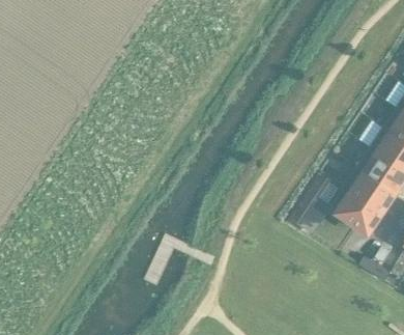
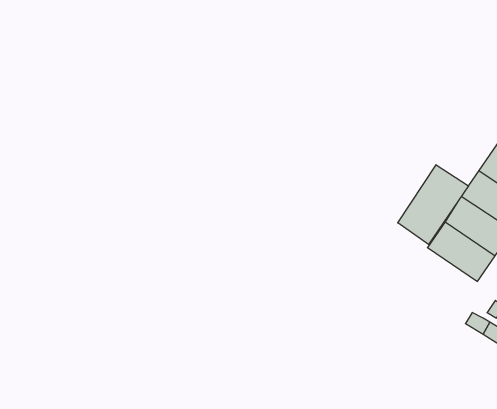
building: none -> [398,165,468,245]

